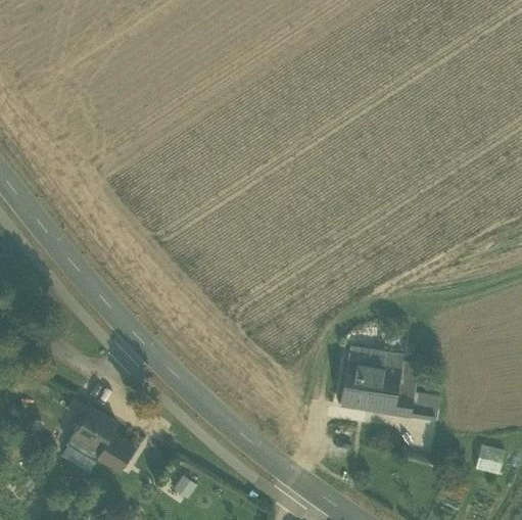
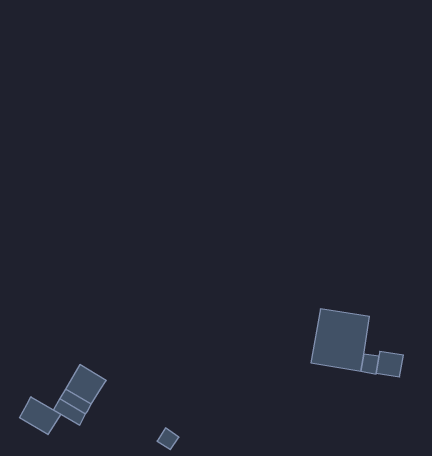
building: [396,363,417,398] -> none
building: [97,434,134,471] -> none
building: none -> [20,397,61,435]

